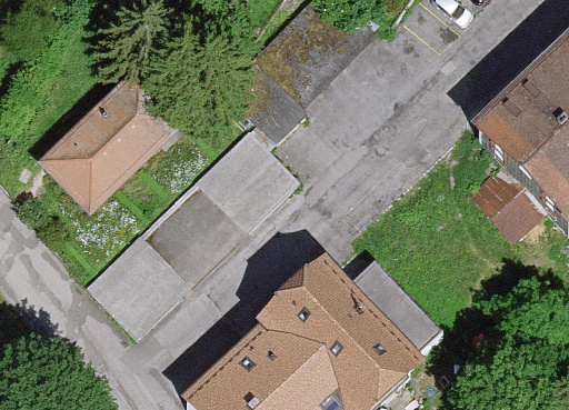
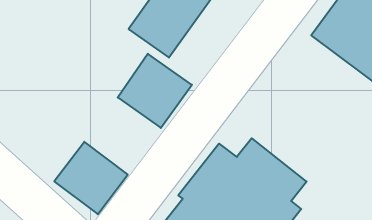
building: [39,60,193,212] -> none

